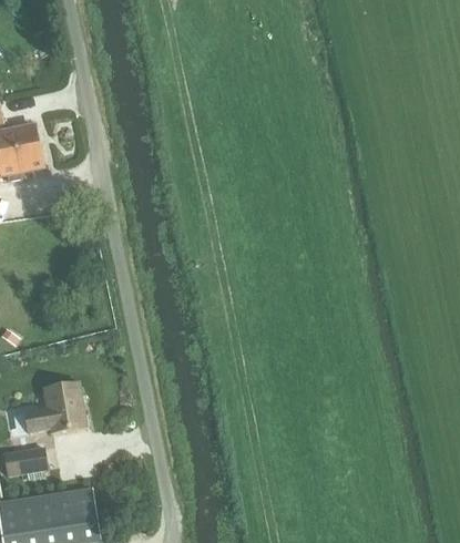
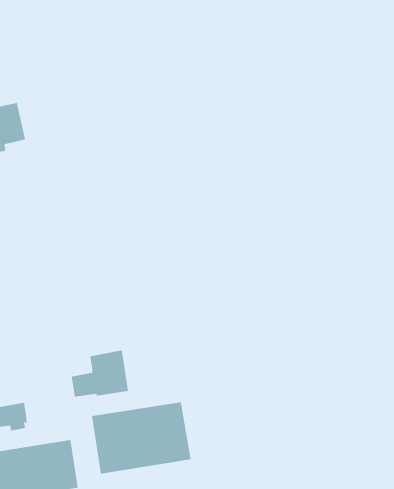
building: [23,382,85,433] -> [71,350,129,397]
building: none -> [91,401,191,475]

